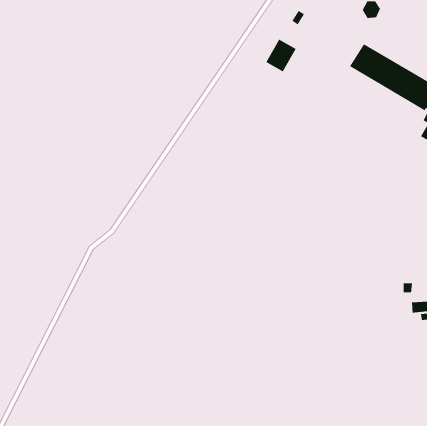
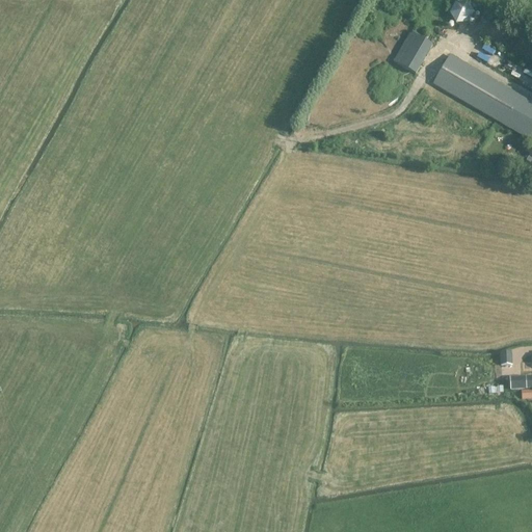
building: [265,39,296,72] -> [395,30,433,72]

